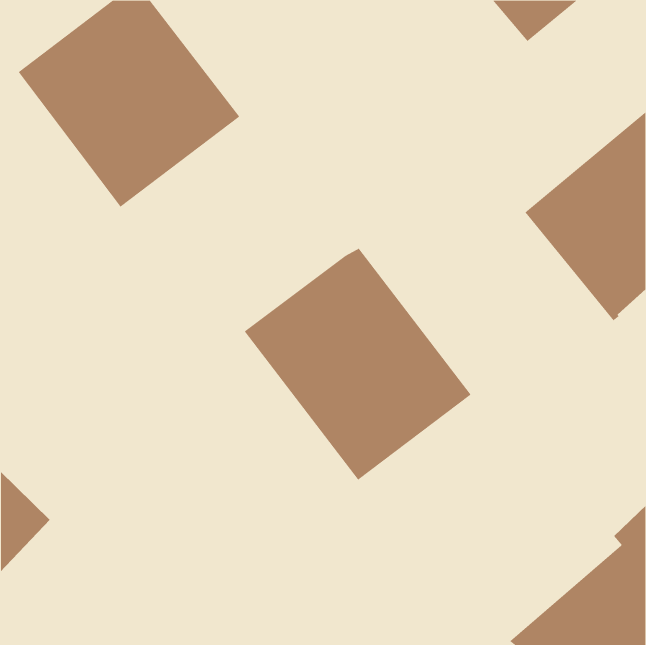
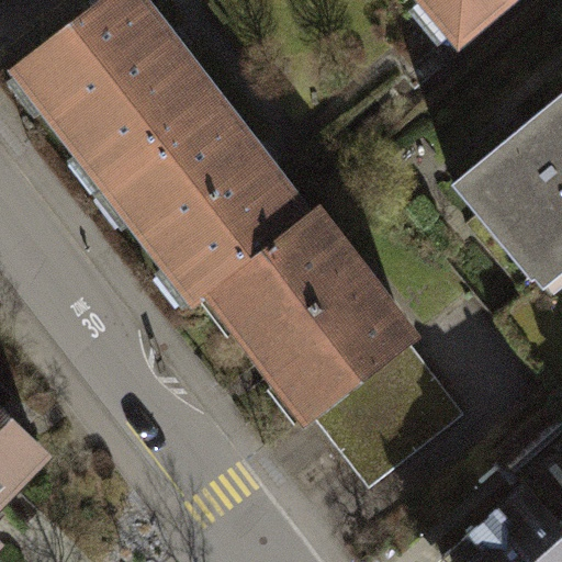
building: none -> [104,102,300,302]
building: none -> [311,344,464,491]

